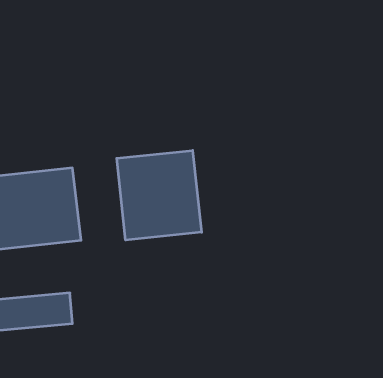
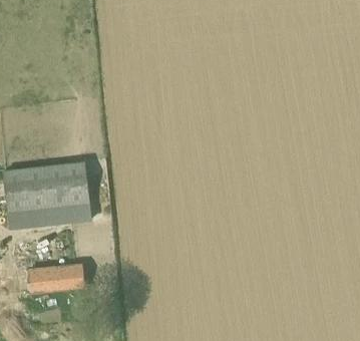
building: [117,150,202,240] -> none

